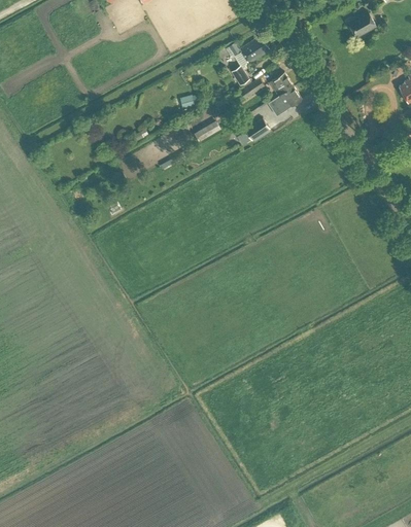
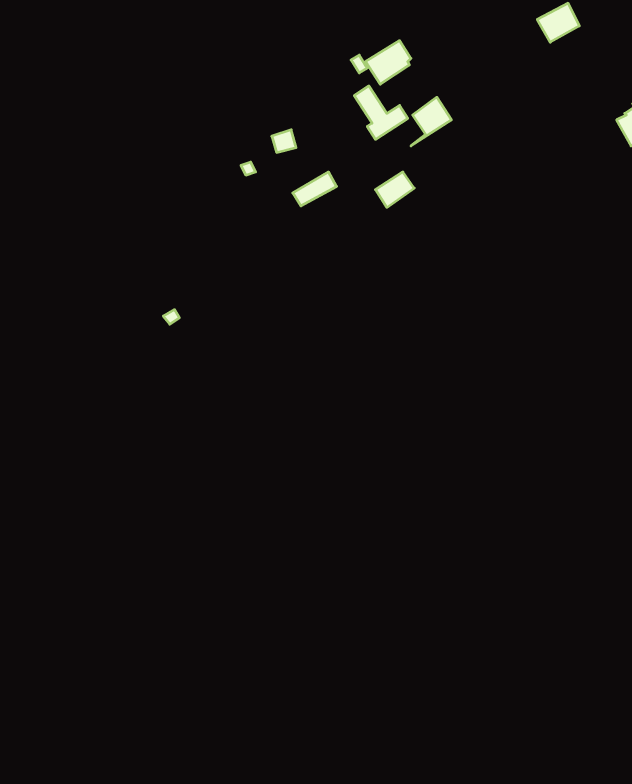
building: [268,86,302,116] -> none

